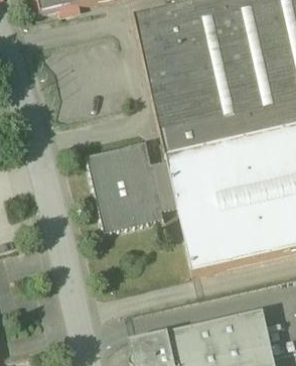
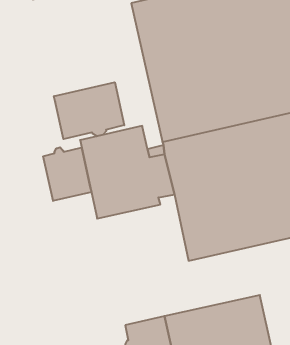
building: none -> [54,82,124,139]
building: none -> [43,147,91,201]

